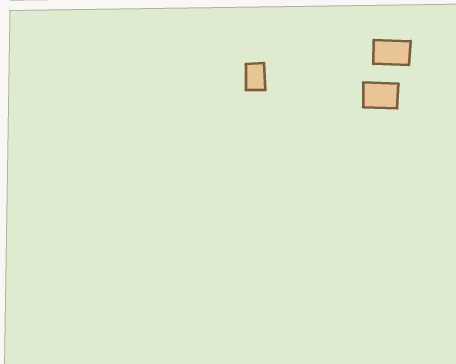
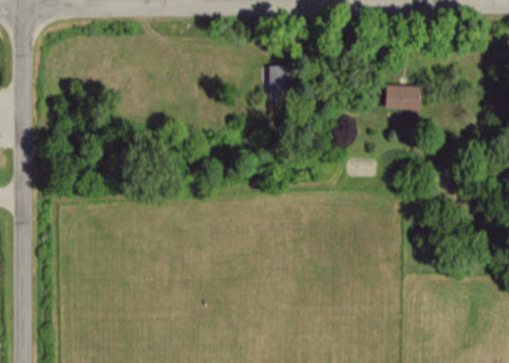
building: [373,40,411,65] -> none

